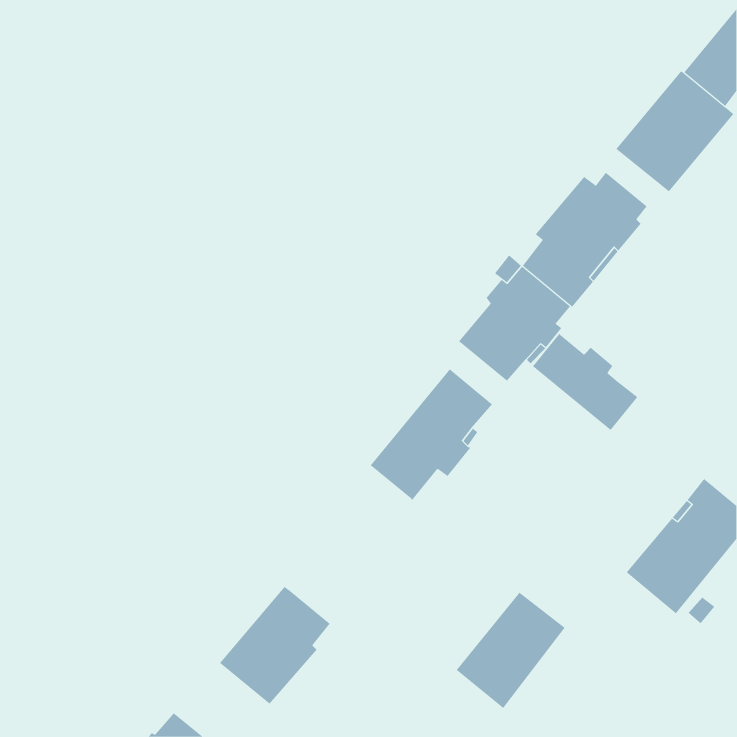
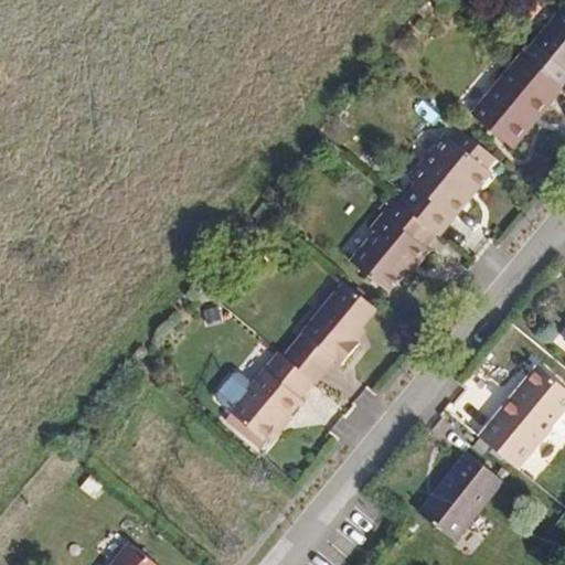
building: [532,333,638,431] -> none
building: [219,586,331,705] -> [228,352,313,443]
building: [456,592,566,709] -> [418,452,502,542]

